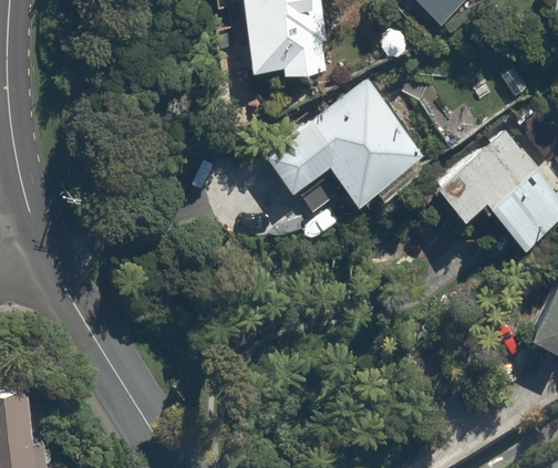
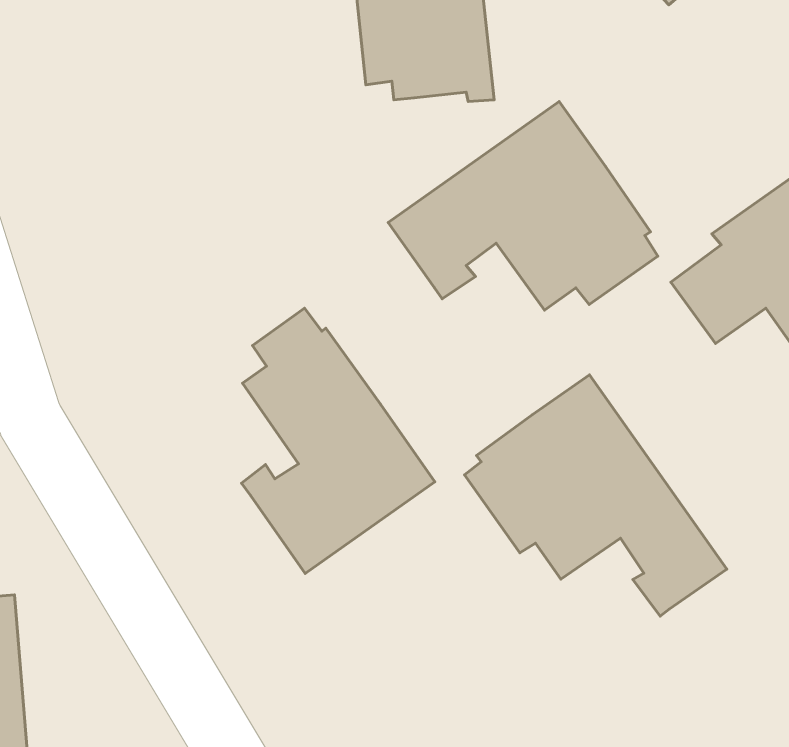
building: none -> [241,308,435,574]
building: none -> [465,375,727,616]

